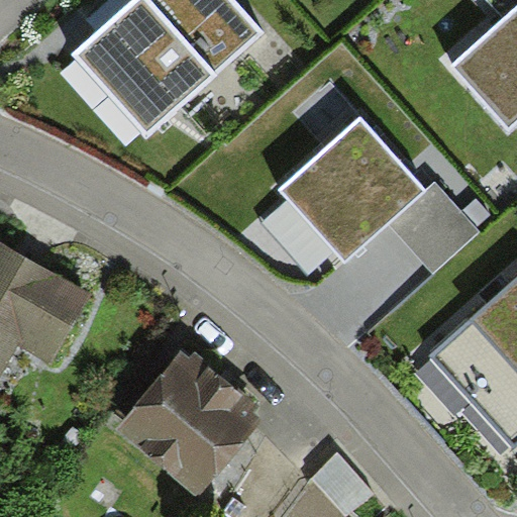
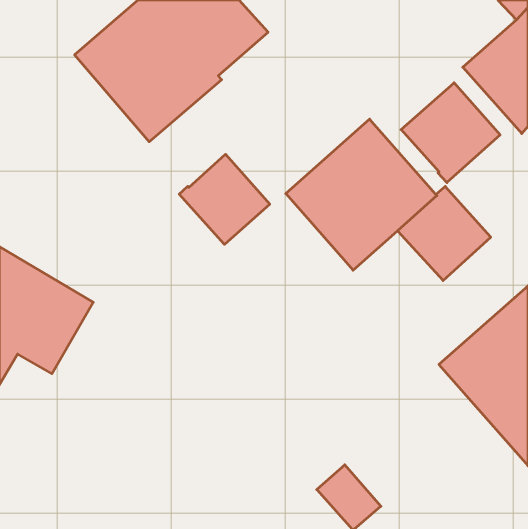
building: none -> [401,83,500,183]
building: none -> [179,154,270,244]
building: [115,350,262,498] -> none

